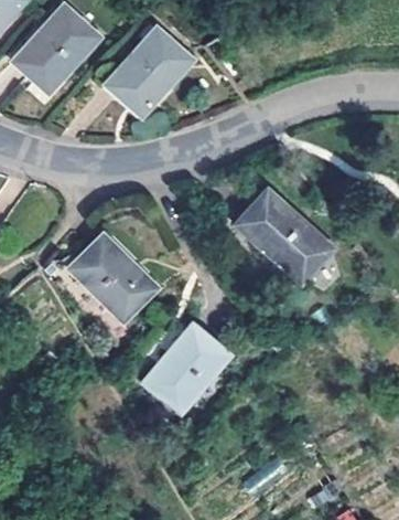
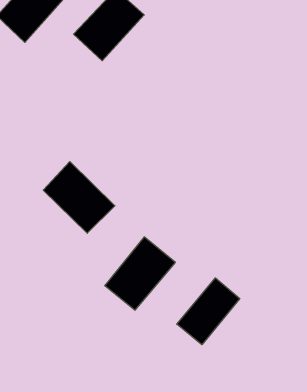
building: [238,189,334,282] -> none
building: none -> [177,278,240,345]

